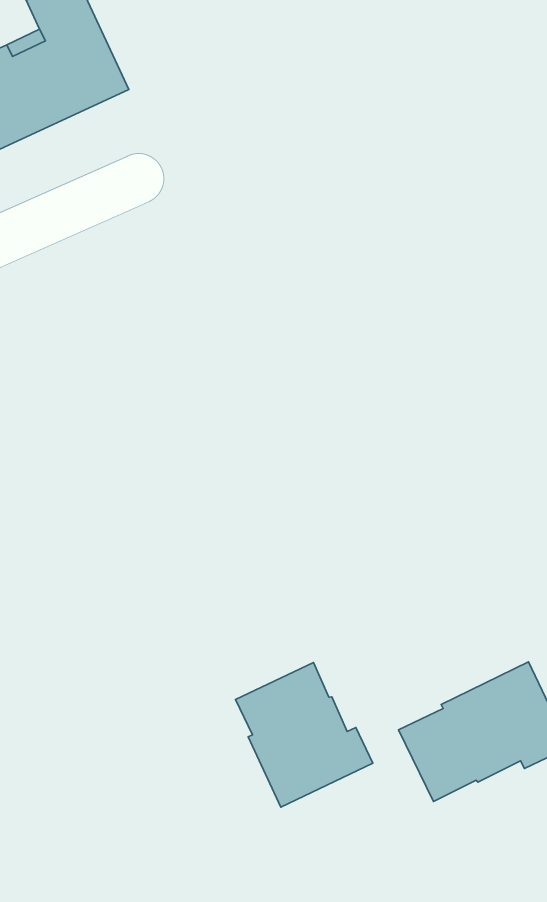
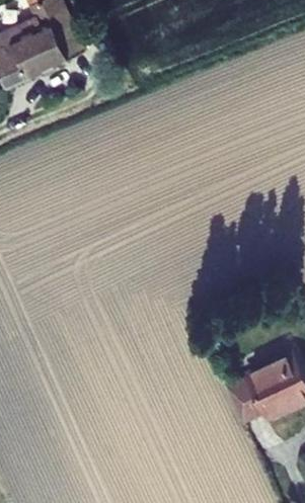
building: [235,663,373,807] -> none

